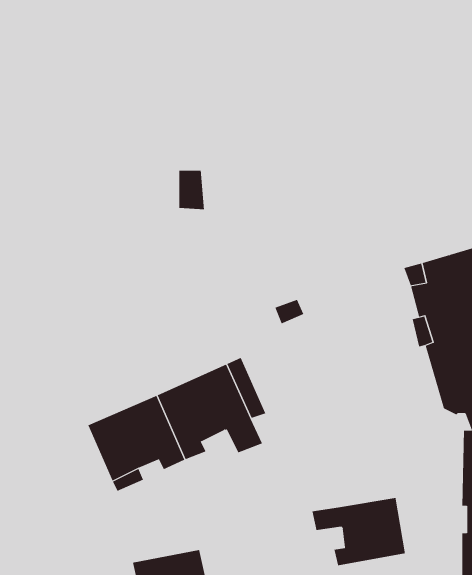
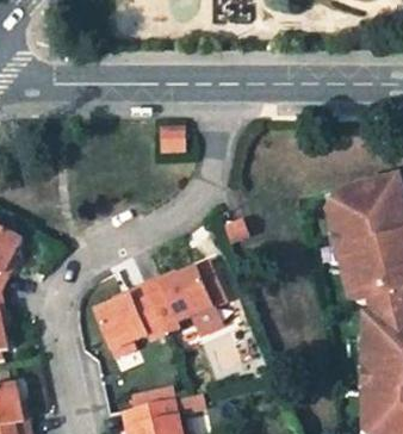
building: [312,497,406,566] -> none

